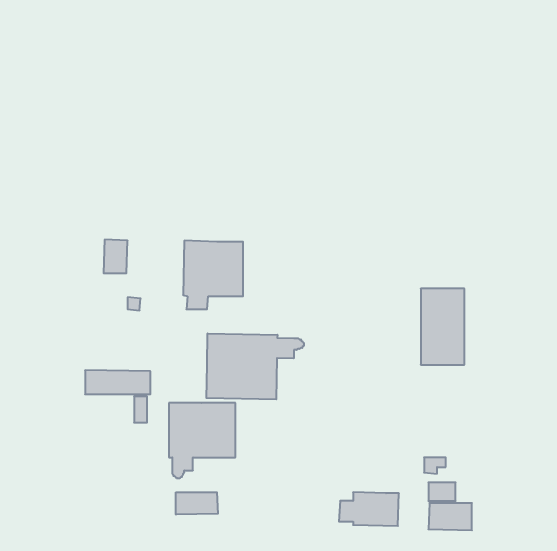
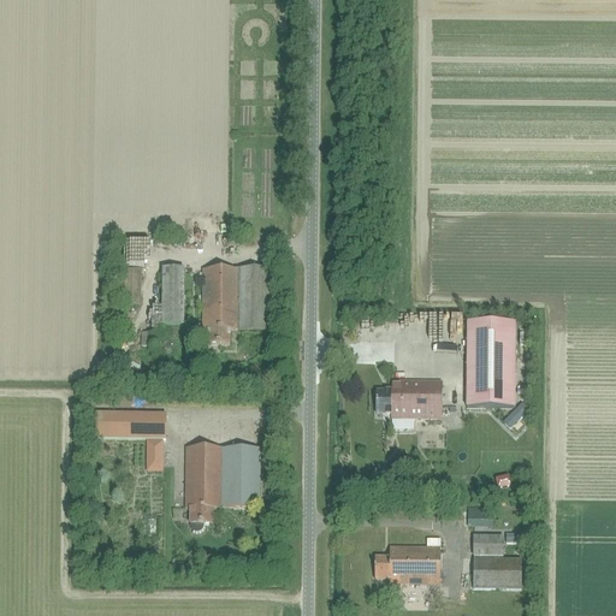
building: none -> [161,265,189,322]
building: [206,333,304,399] -> none
building: none -> [377,378,442,415]
building: [176,492,218,515] -> none

